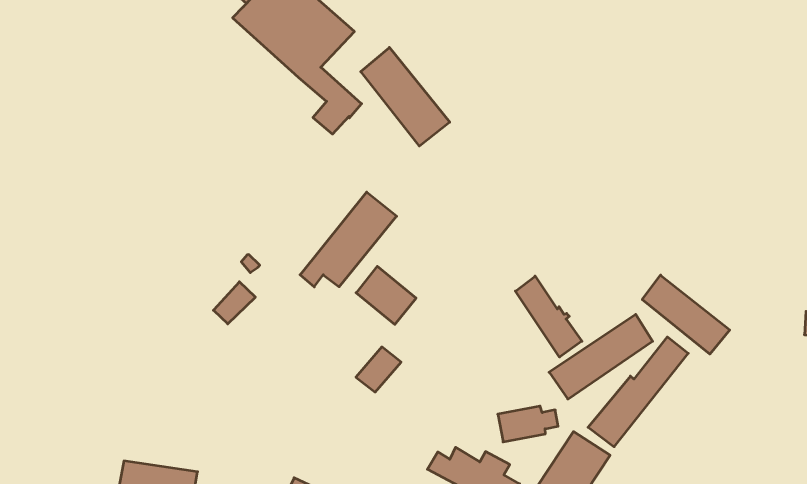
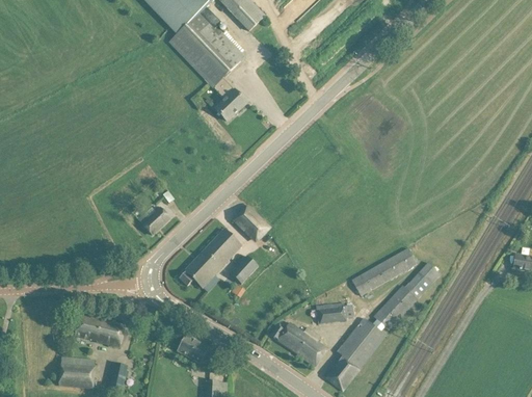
building: [361,47,450,146] -> none
building: [300,192,397,287] -> [178,229,241,287]
building: [642,275,730,354] -> none
building: [515,276,582,357] -> none

